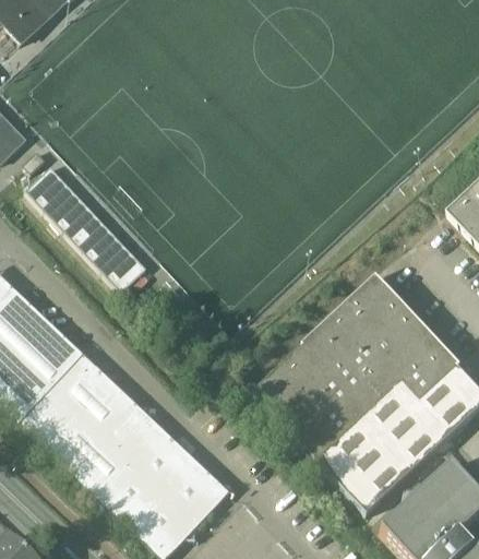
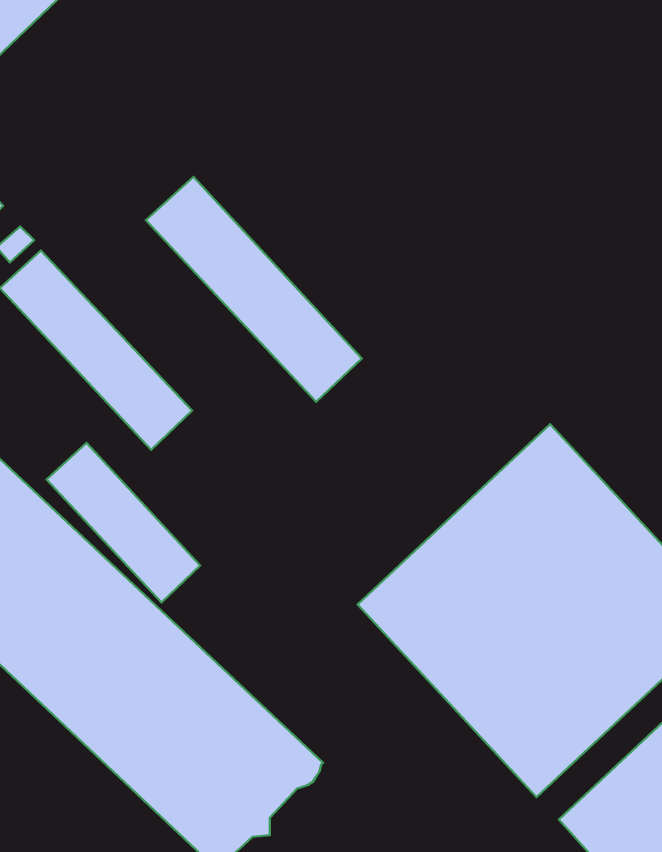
building: none -> [146,177,362,402]
building: none -> [46,443,200,602]

